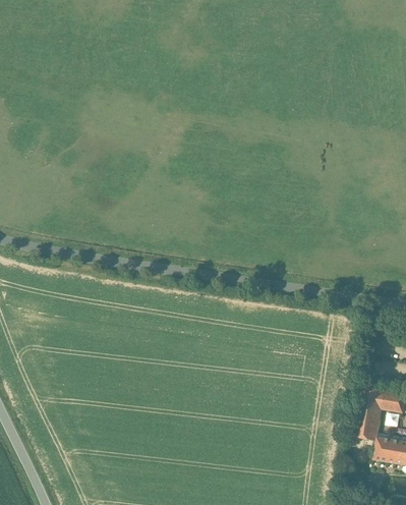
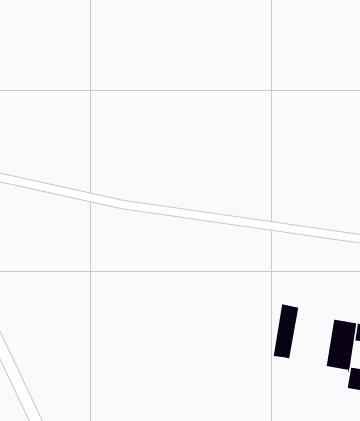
building: none -> [273,303,299,359]

